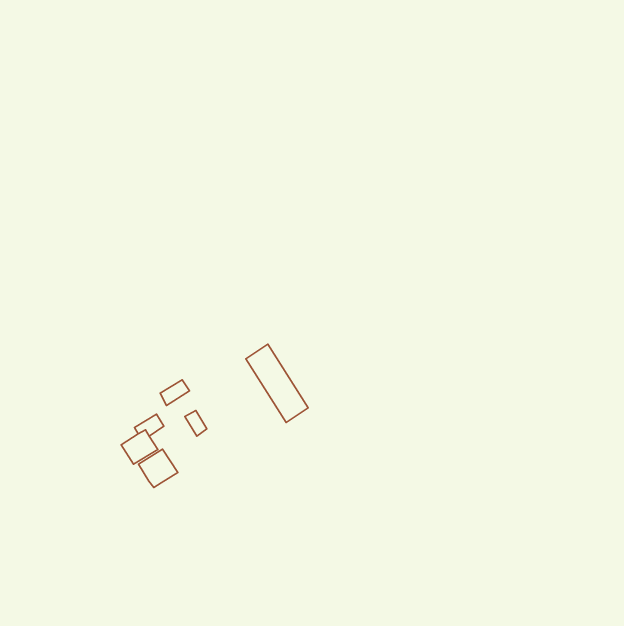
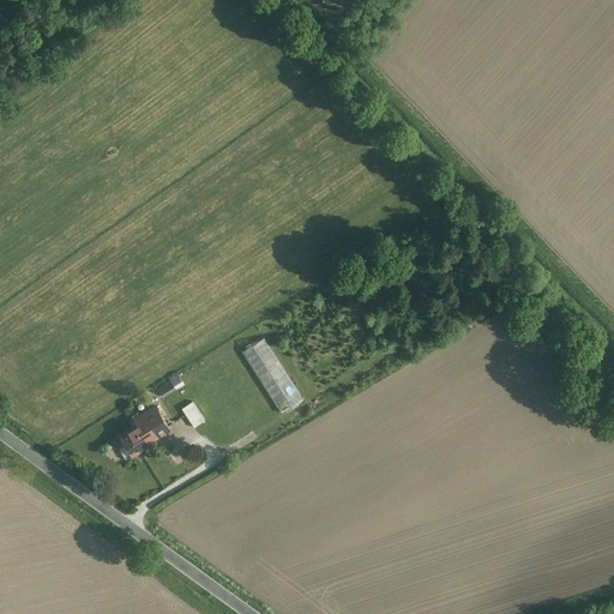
building: [139,449,178,487] -> none

